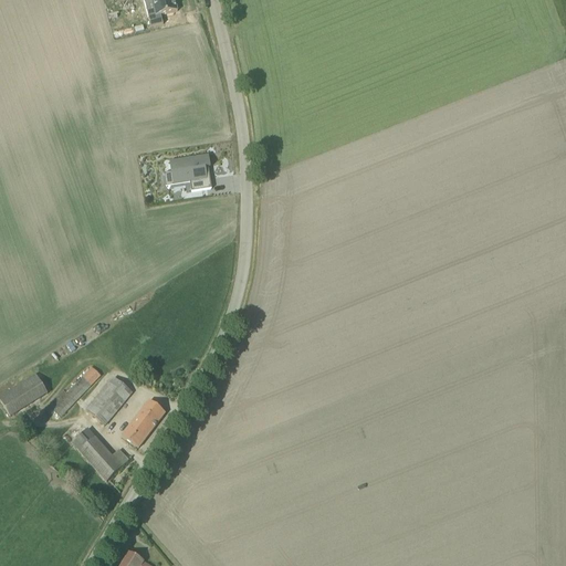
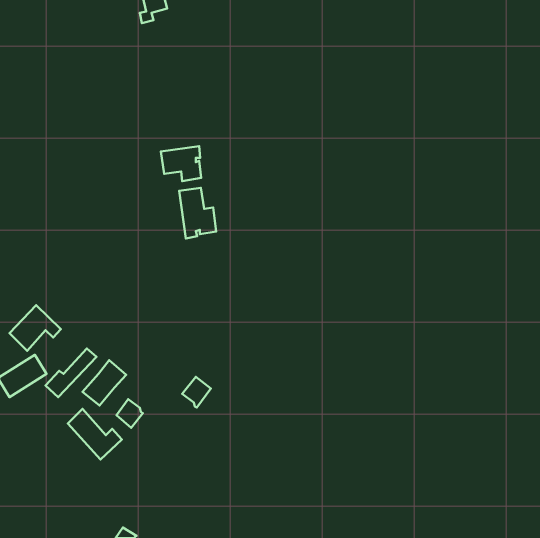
building: none -> [179,188,216,239]
building: none -> [10,305,61,351]
building: [134,399,164,431] -> [182,377,211,408]

